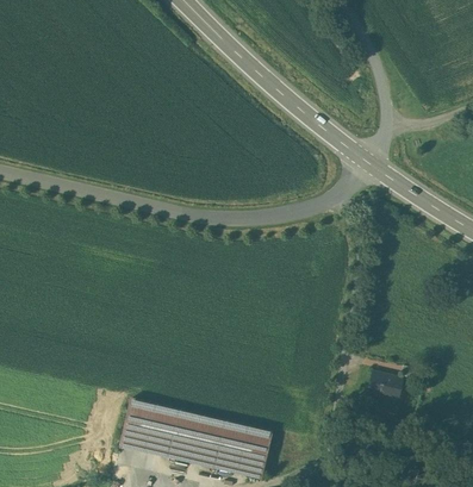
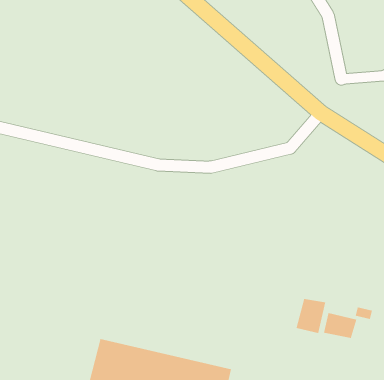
building: none -> [296,298,326,334]

